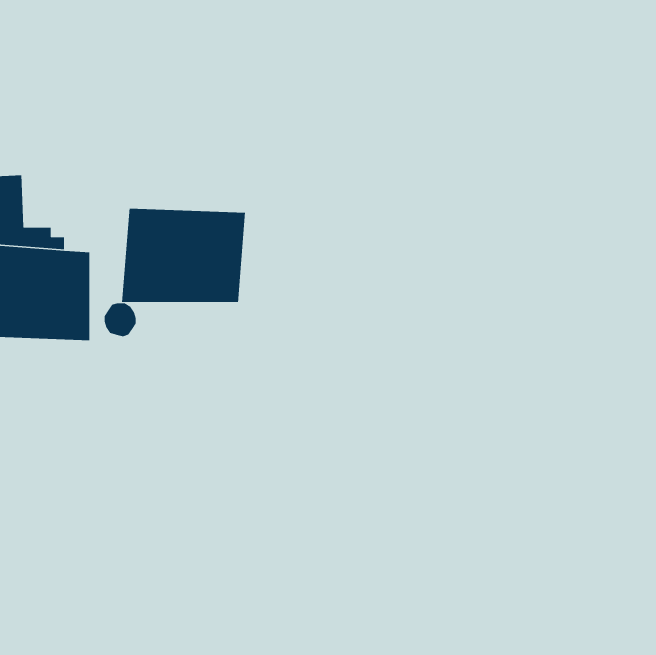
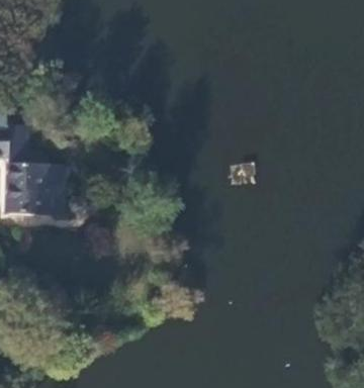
building: [121,208,246,303] -> none

